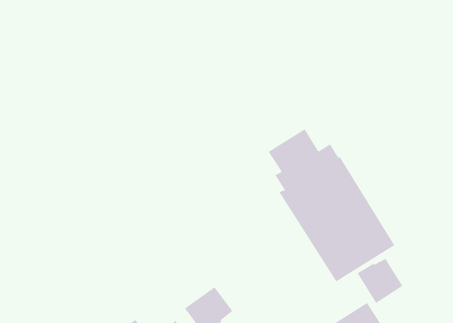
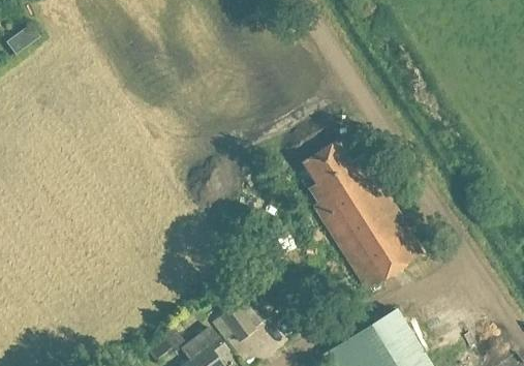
building: [357,258,403,304] -> none

